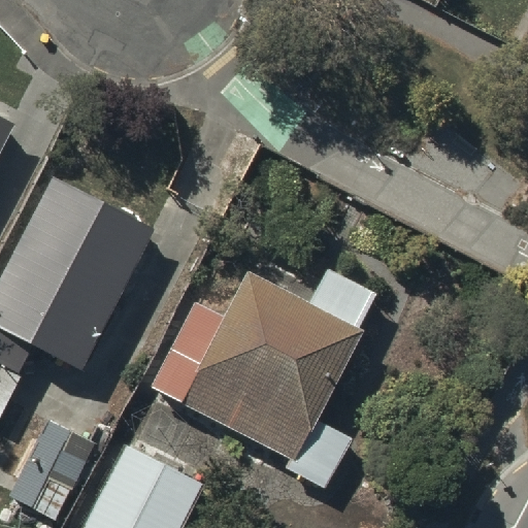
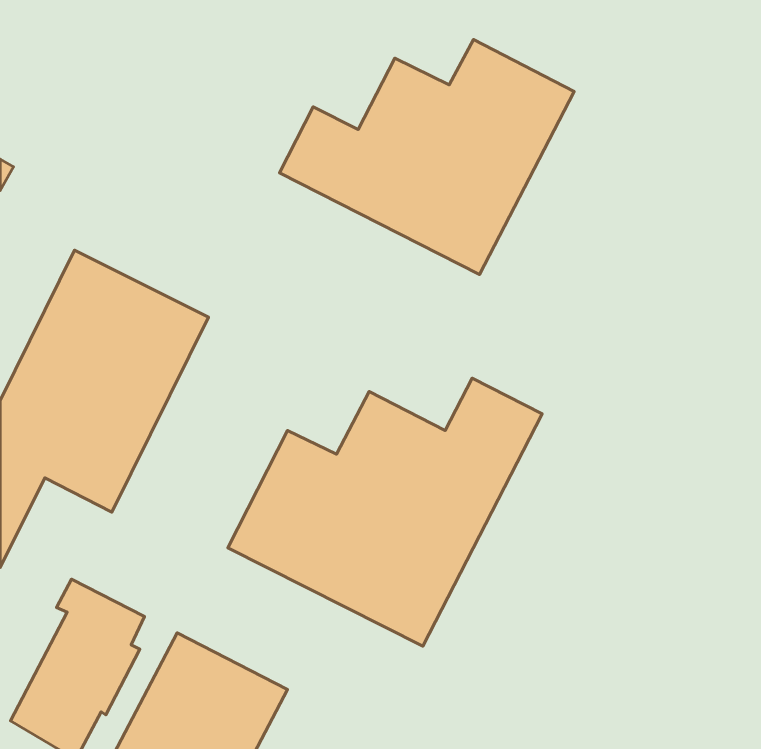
building: none -> [280,40,574,274]

